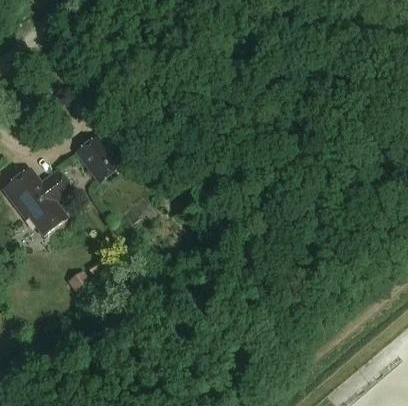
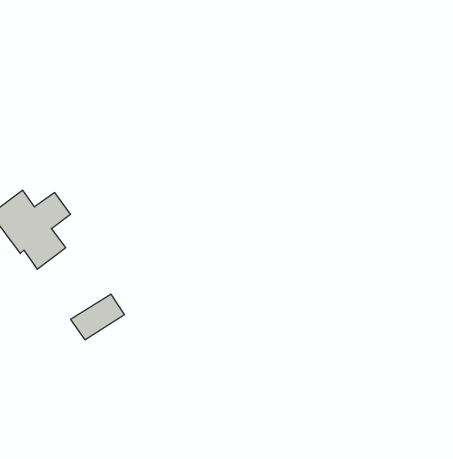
building: [76,134,122,183] -> none

